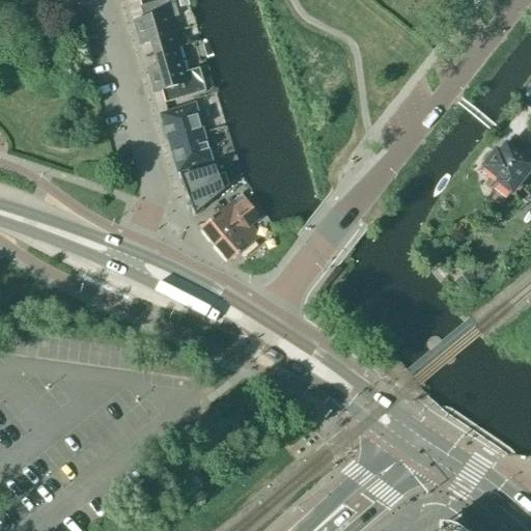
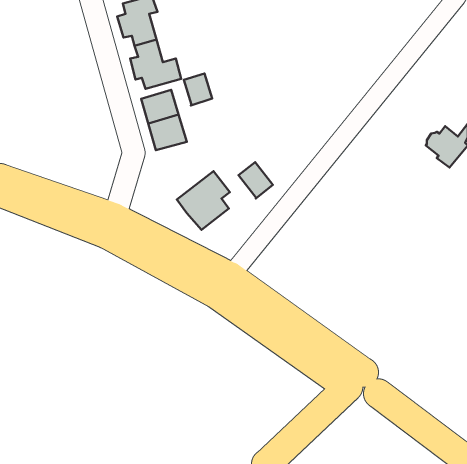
building: none -> [184,74,212,105]
building: [179,164,224,213] -> none
building: none -> [239,162,273,199]

